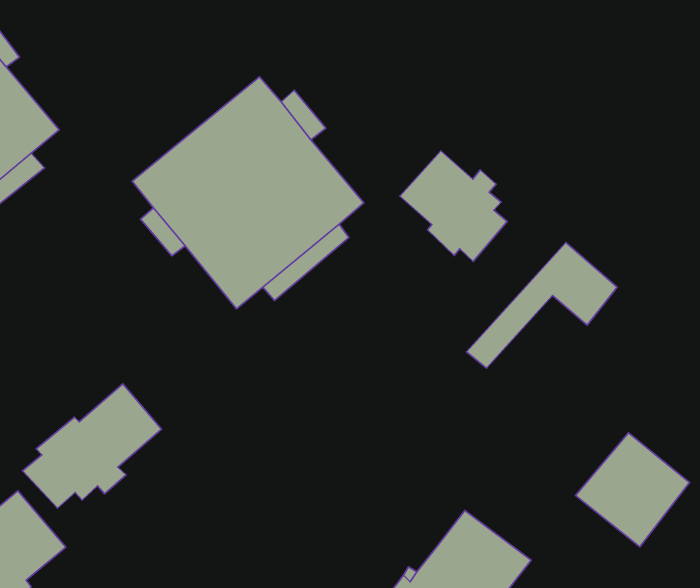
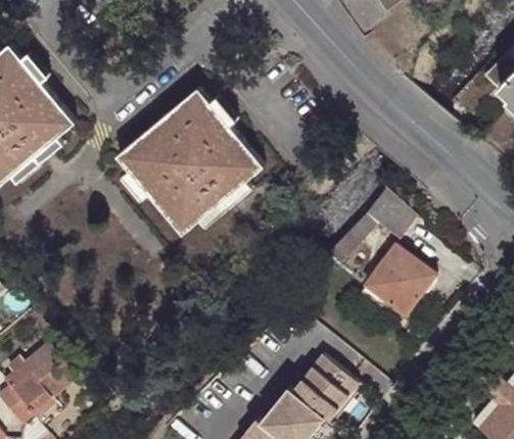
building: [400,151,507,262] -> none
building: [23,384,161,508] -> none
building: [575,433,690,547] -> [363,245,433,315]

